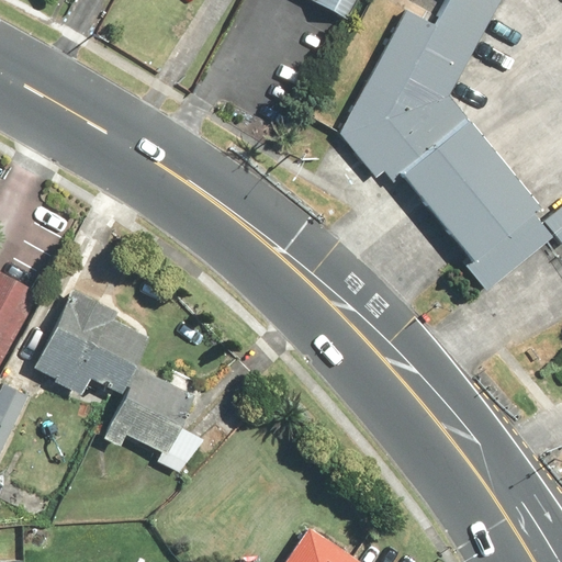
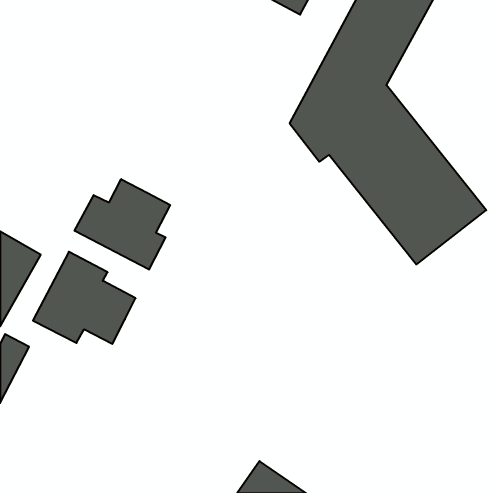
building: none -> [75,179,170,270]
building: [106,362,206,473] -> none

